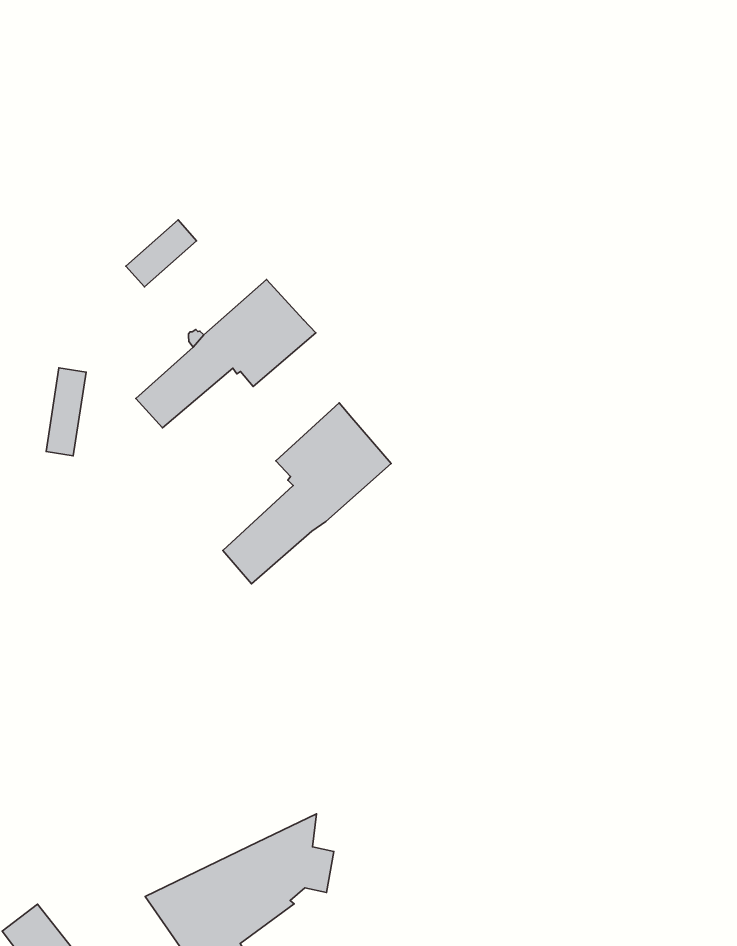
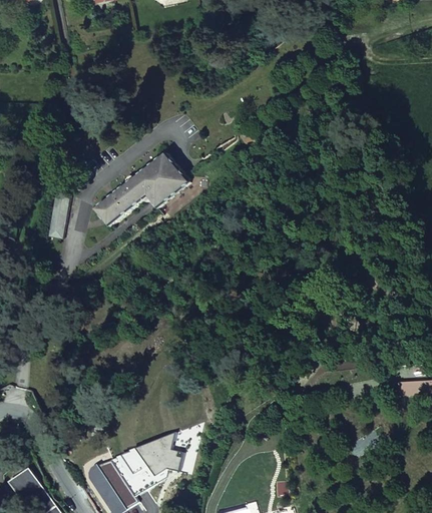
building: [126,220,197,287] -> none
building: [223,403,391,584] -> none

